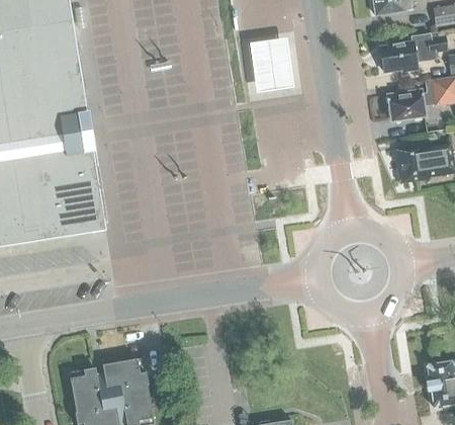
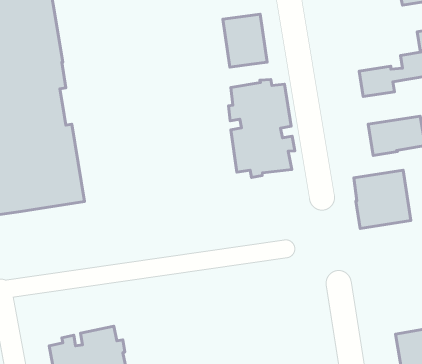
building: [380,32,446,73] -> none
building: none -> [228,79,295,178]
building: none -> [354,170,411,228]

